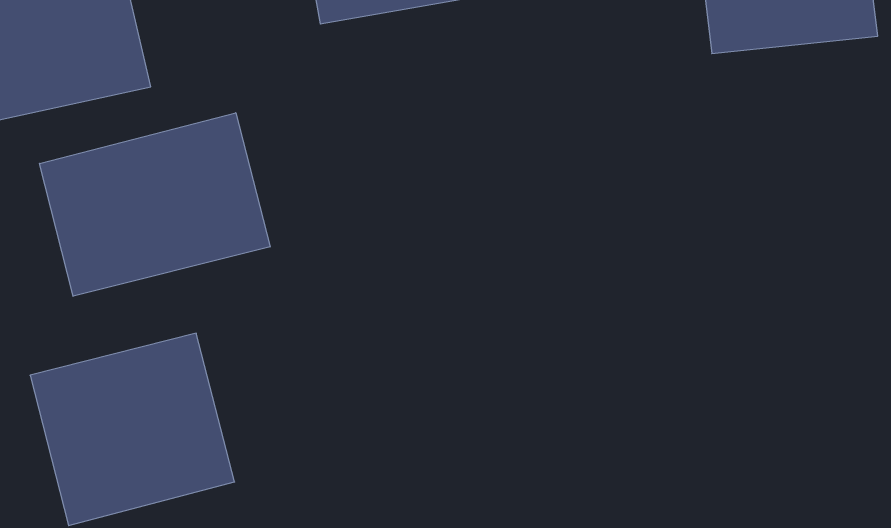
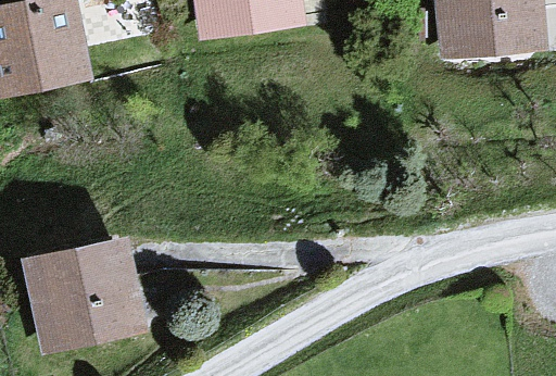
building: [40,113,270,296] -> none

